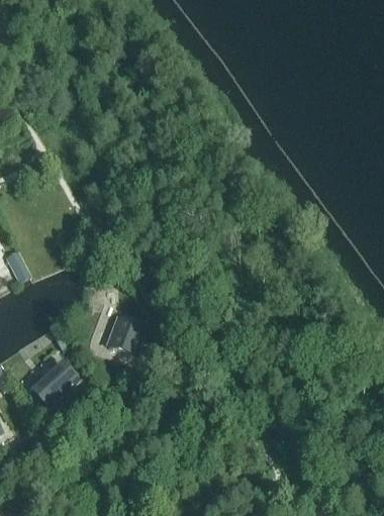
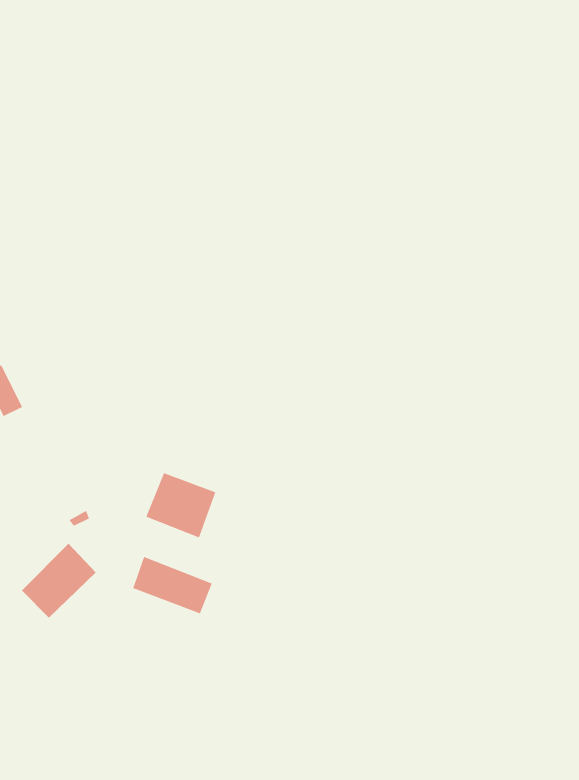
building: none -> [132,556,212,614]

